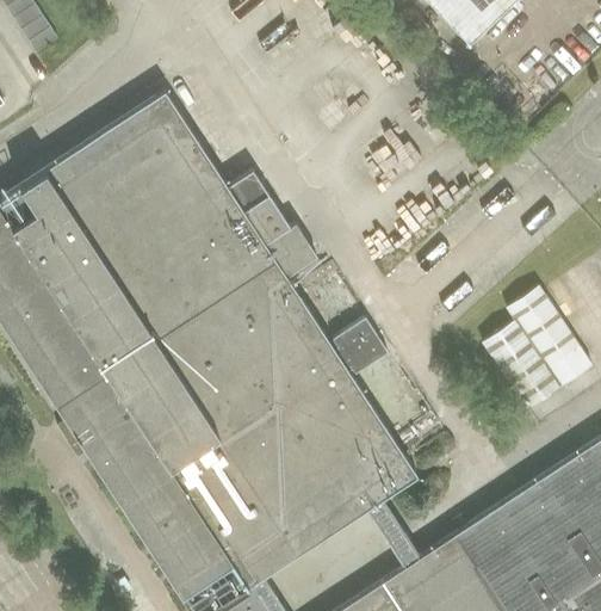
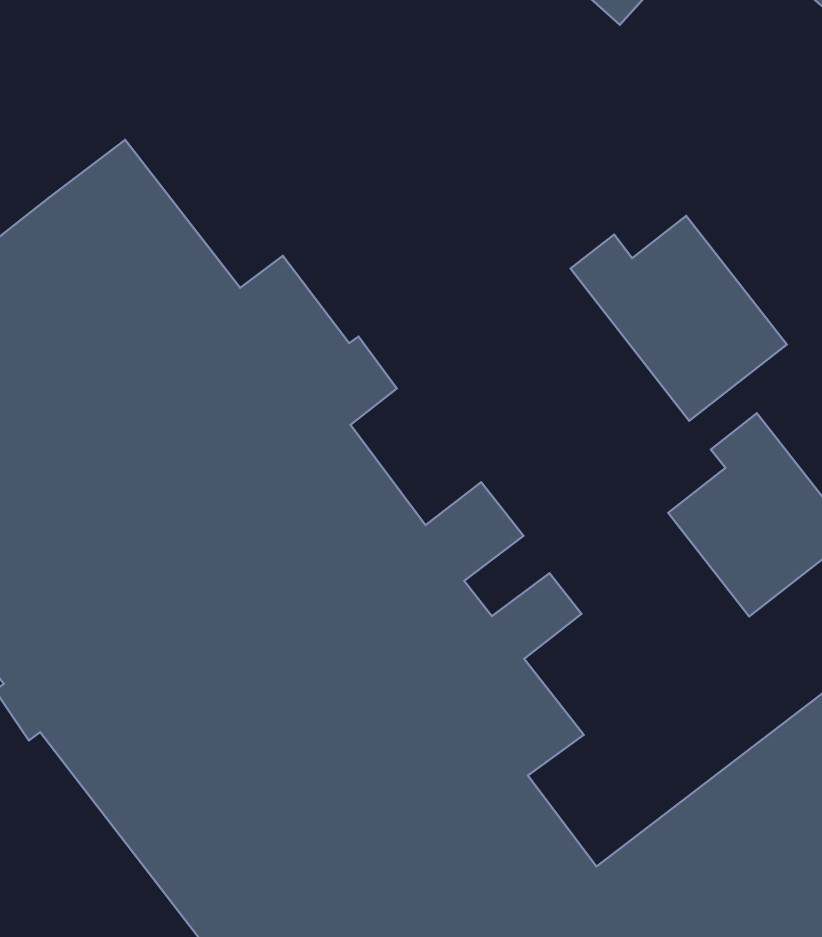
building: none -> [571,216,787,421]

